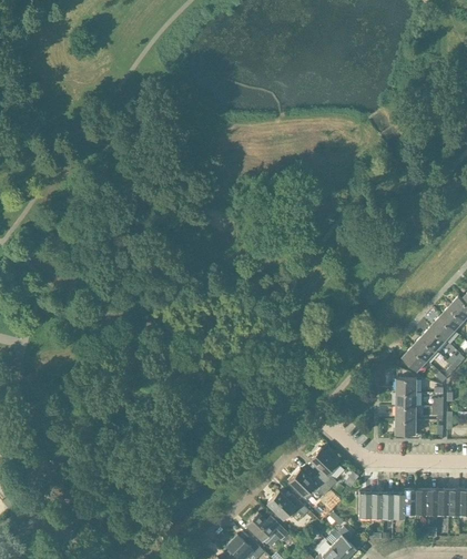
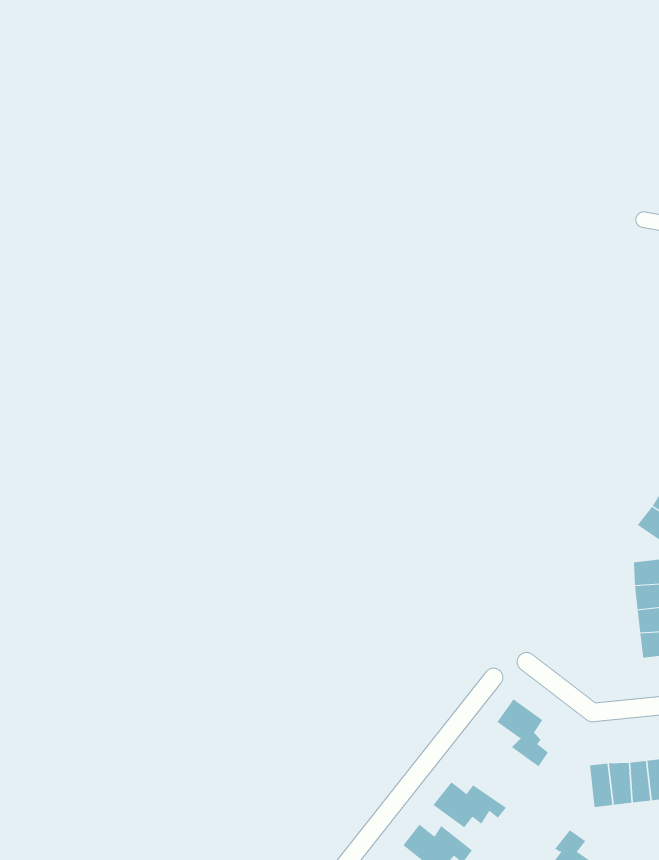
building: [287,471,329,498] -> none

